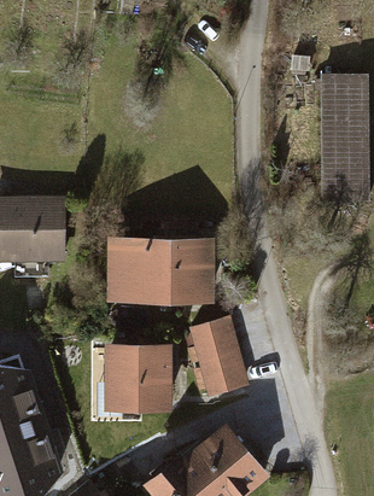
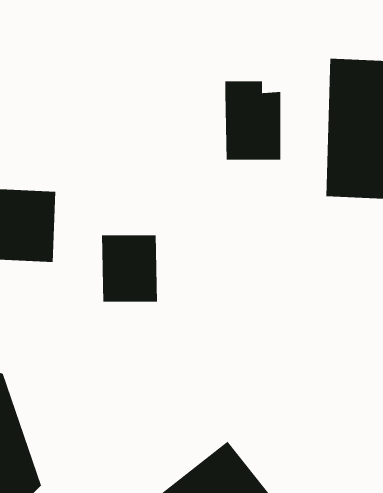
building: [162,228,214,300] -> [225,81,281,160]
building: [187,321,250,401] -> none
building: [107,344,174,410] -> none

